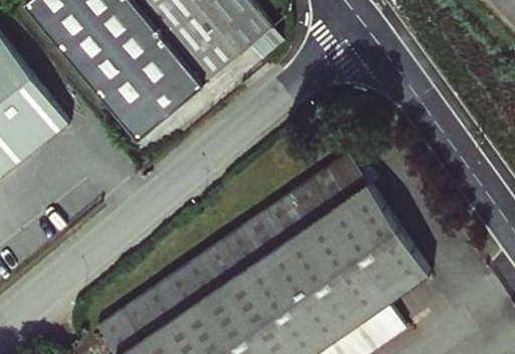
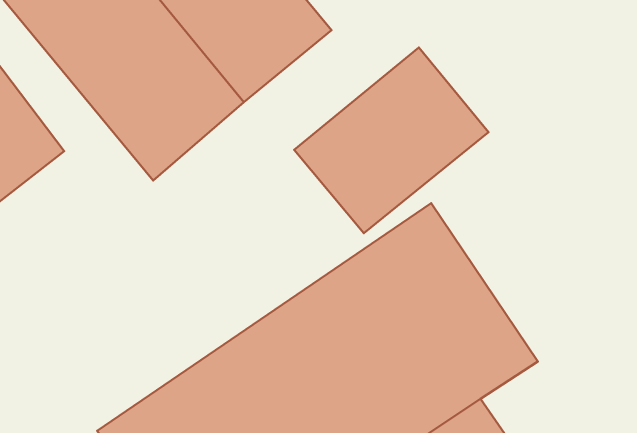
building: none -> [294,47,488,233]

